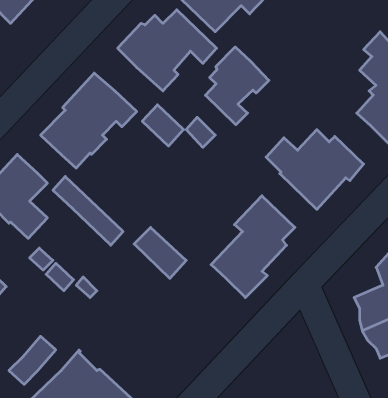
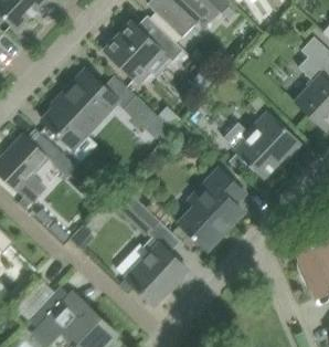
building: [205,47,269,125] -> none
building: none -> [125,236,187,305]

